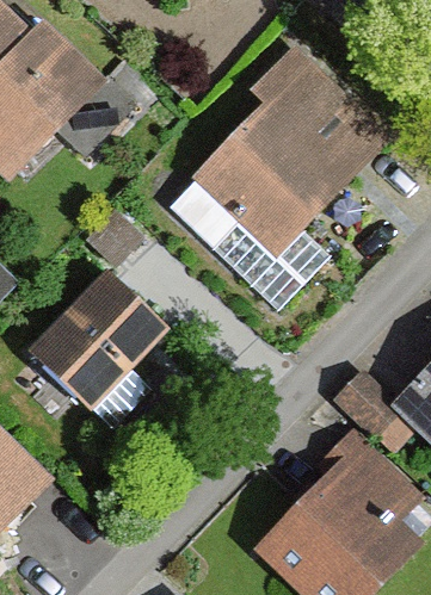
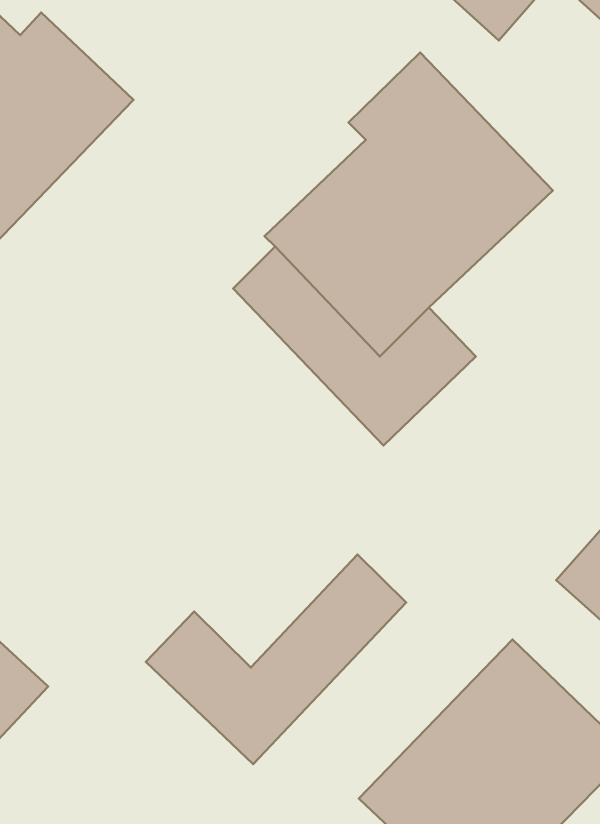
building: [31,269,166,405] -> none
building: none -> [146,554,406,764]

